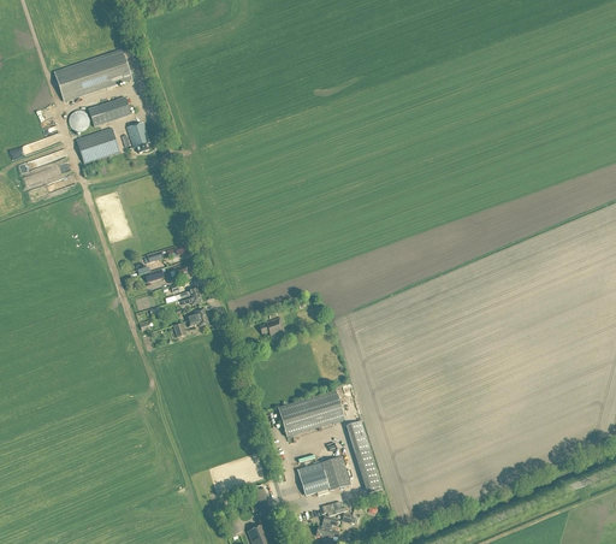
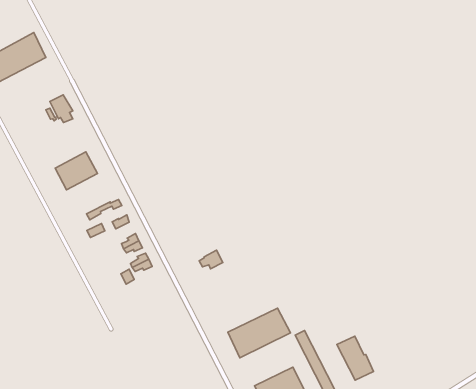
building: [88,96,130,125] -> none
building: [75,126,119,164] -> [55,152,97,190]
building: none -> [337,336,374,380]

